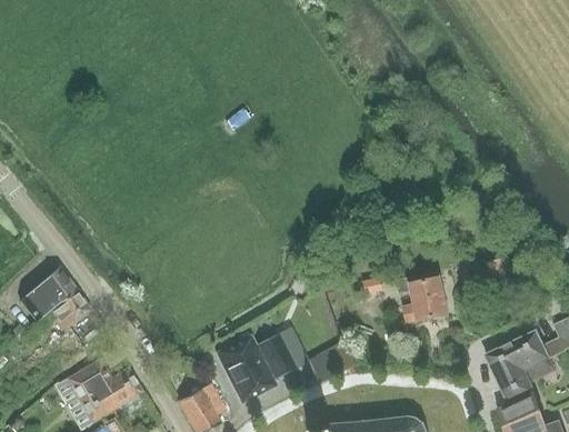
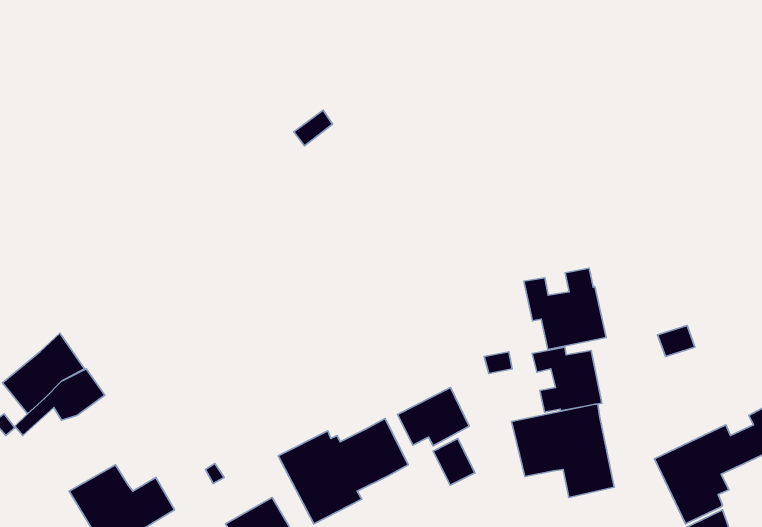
building: none -> [524,268,606,349]
building: none -> [397,387,469,446]
building: none -> [511,404,614,498]

